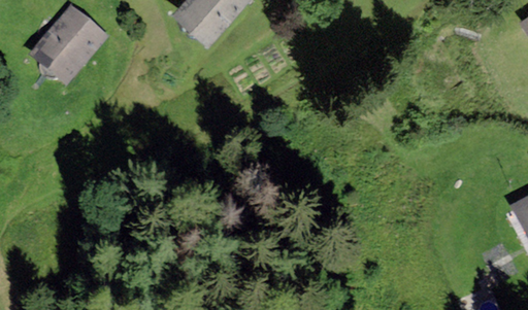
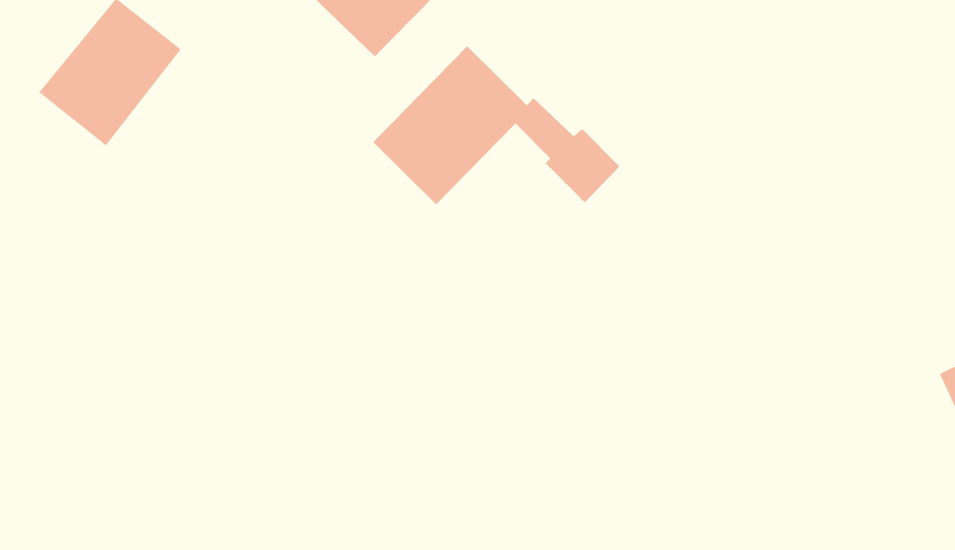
building: none -> [372,45,620,205]

